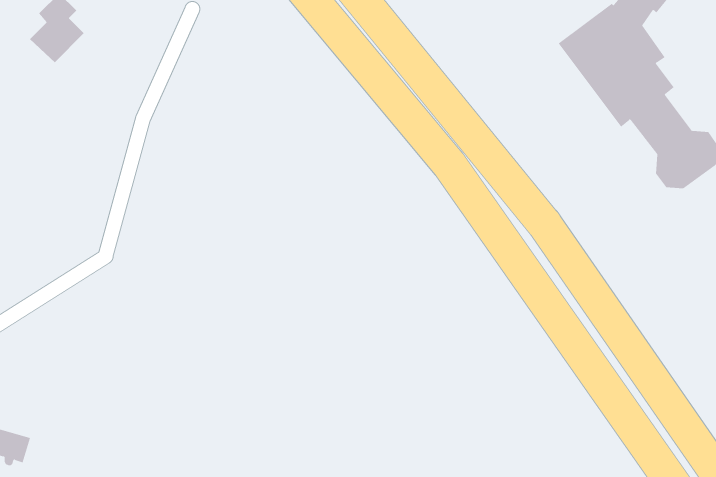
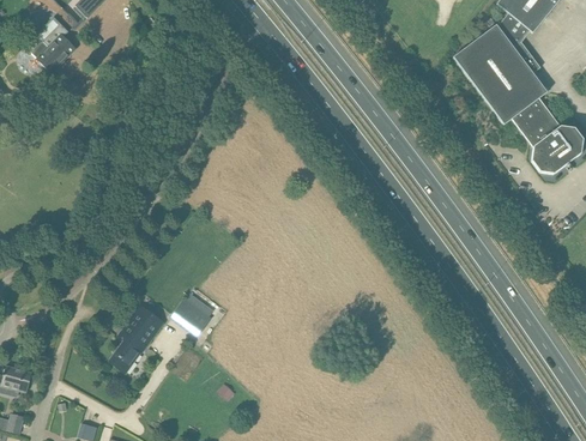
building: none -> [168,290,213,334]
building: none -> [108,304,163,373]

